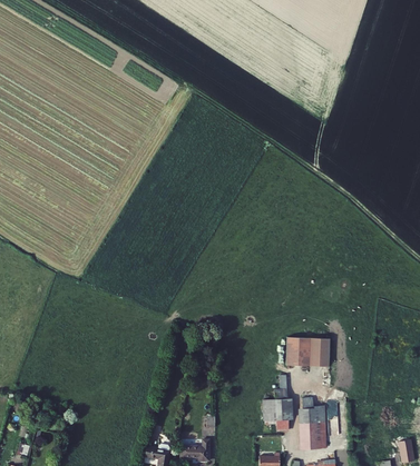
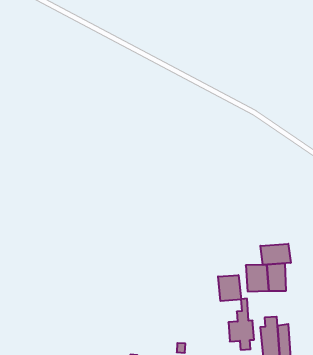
building: none -> [260,244,291,265]
building: none -> [218,275,241,301]

